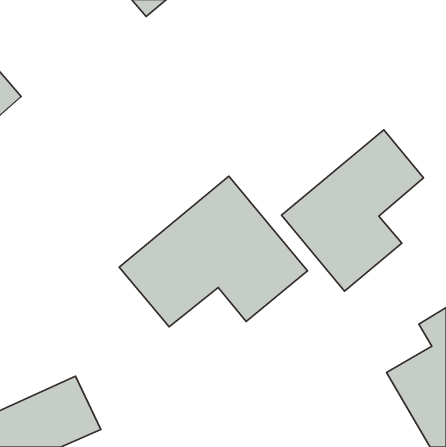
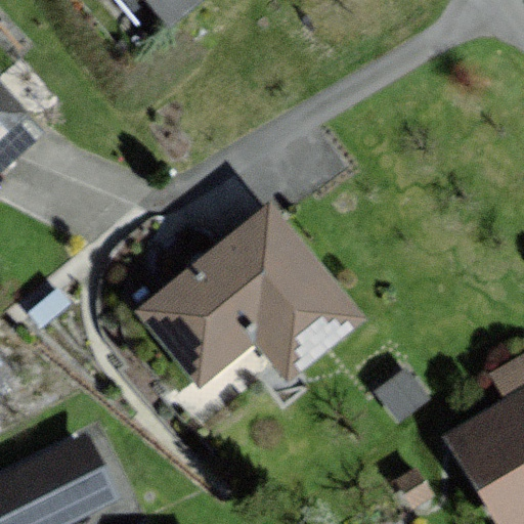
building: [281,130,424,291] -> none

